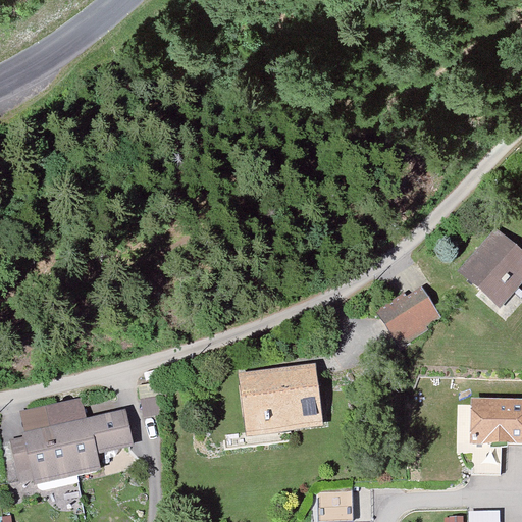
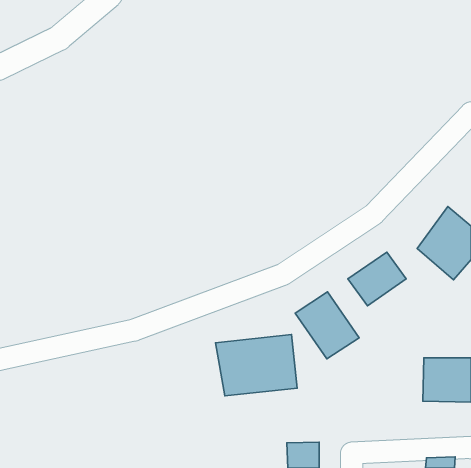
building: none -> [295,292,359,359]
building: [12,398,134,484] -> none

